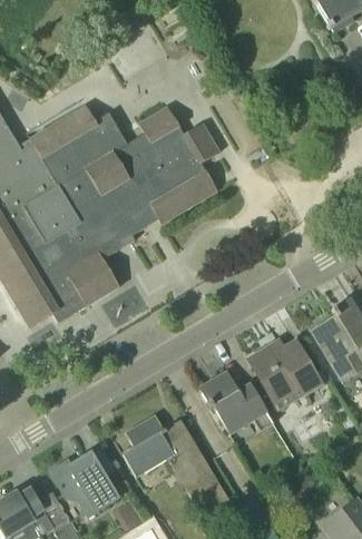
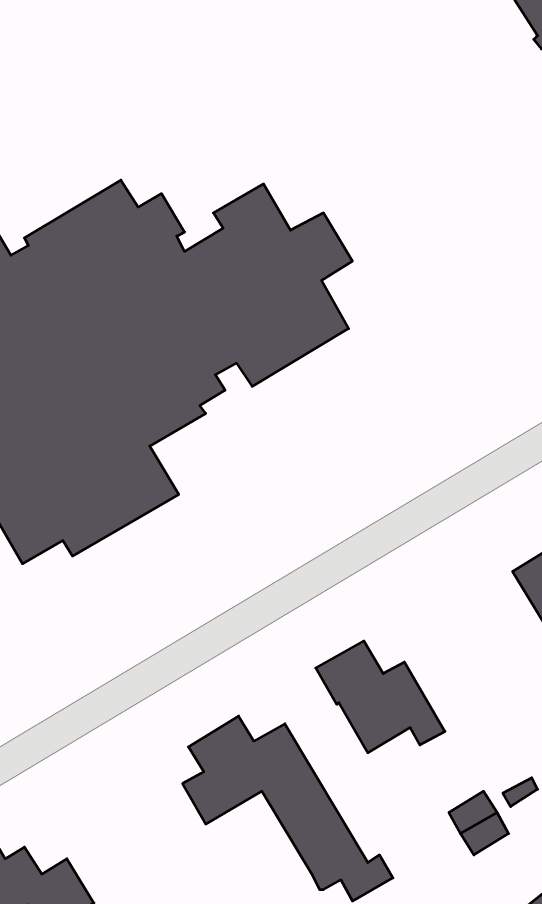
building: [248,340,323,411] -> none
building: [51,452,118,517] -> none

